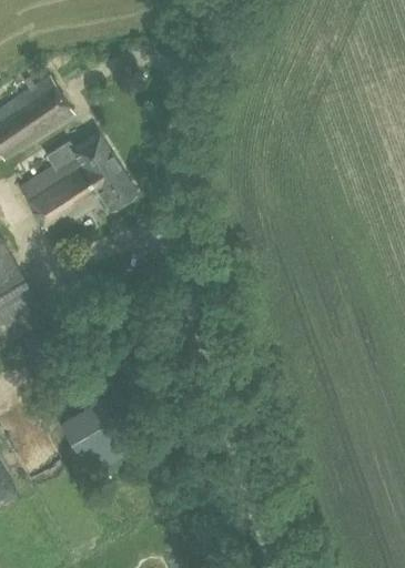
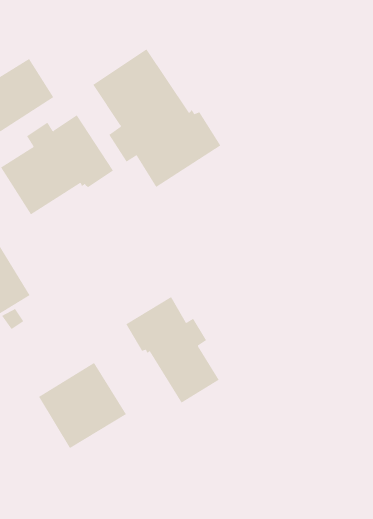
building: none -> [93,49,221,188]
building: none -> [125,296,219,404]

